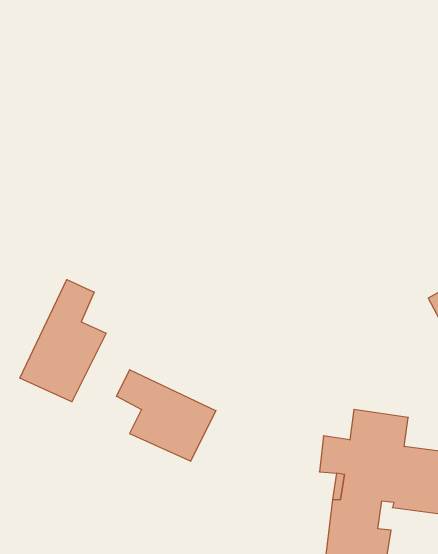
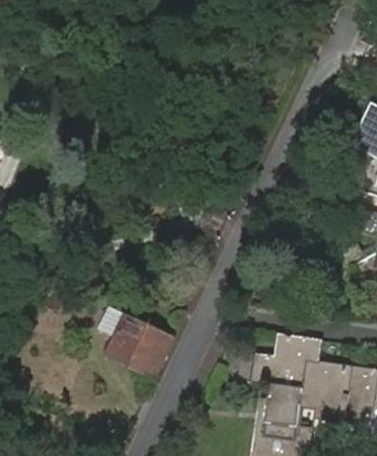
building: [20,280,106,402] -> none

